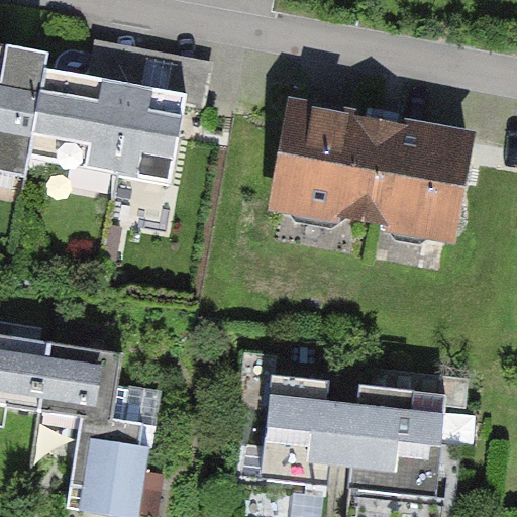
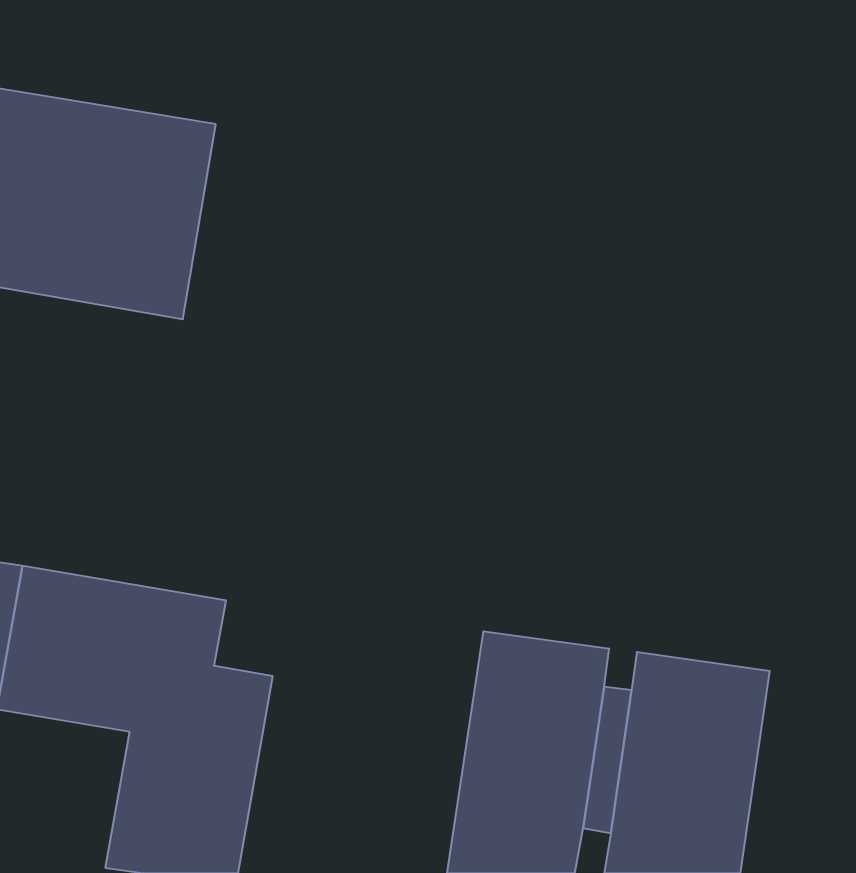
building: [107,73,200,198] -> none
building: [265,106,454,231] -> none

